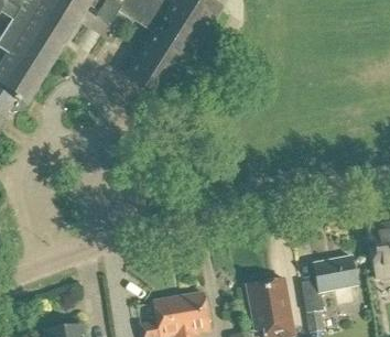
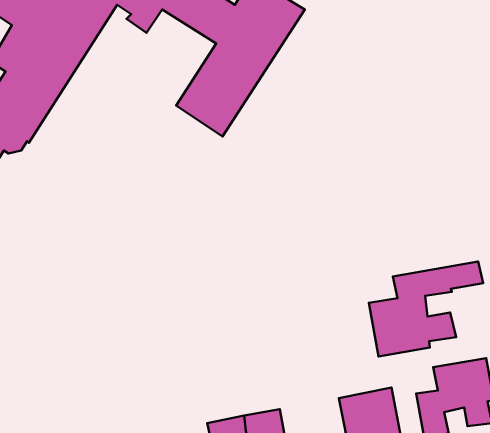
building: none -> [369,261,483,356]

